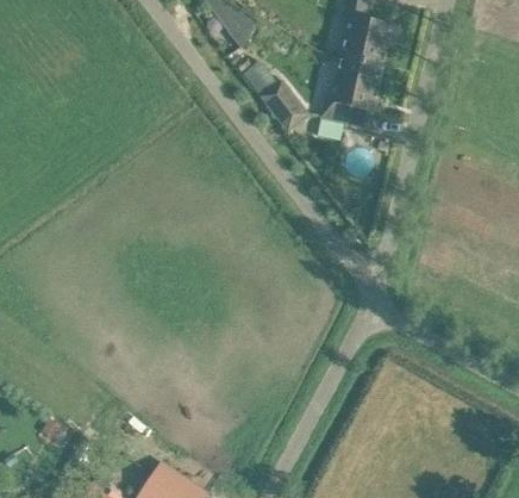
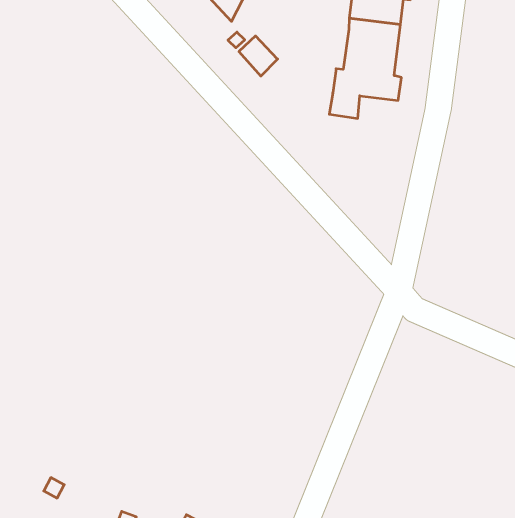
building: [260,79,306,129] -> none

